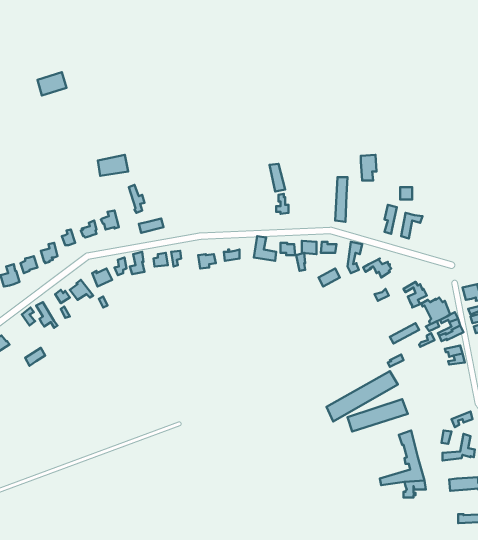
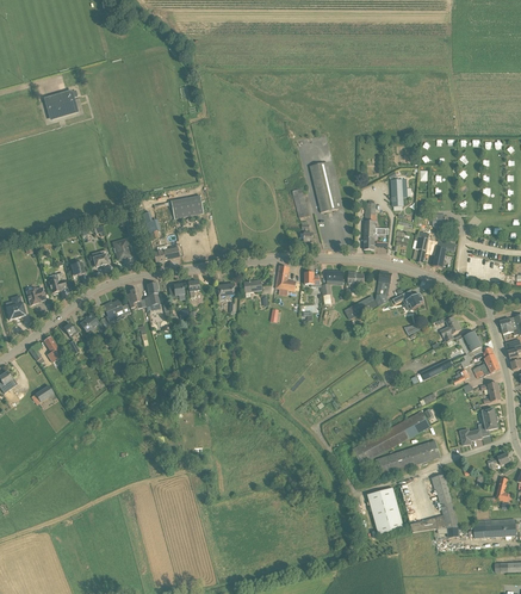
building: none -> [309,161,337,211]
building: [98,155,128,176] -> [170,194,203,217]
building: none -> [459,408,497,444]
building: none -> [367,487,403,533]

